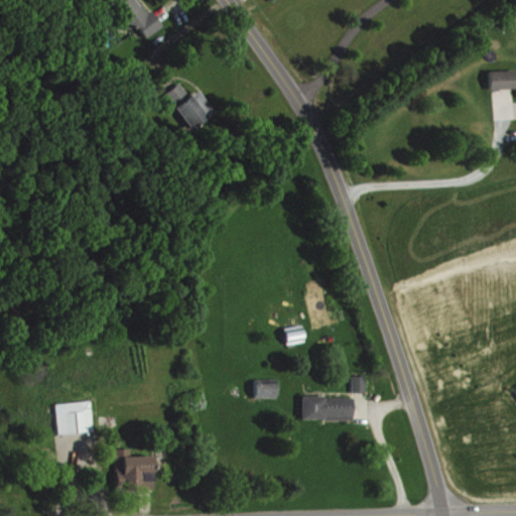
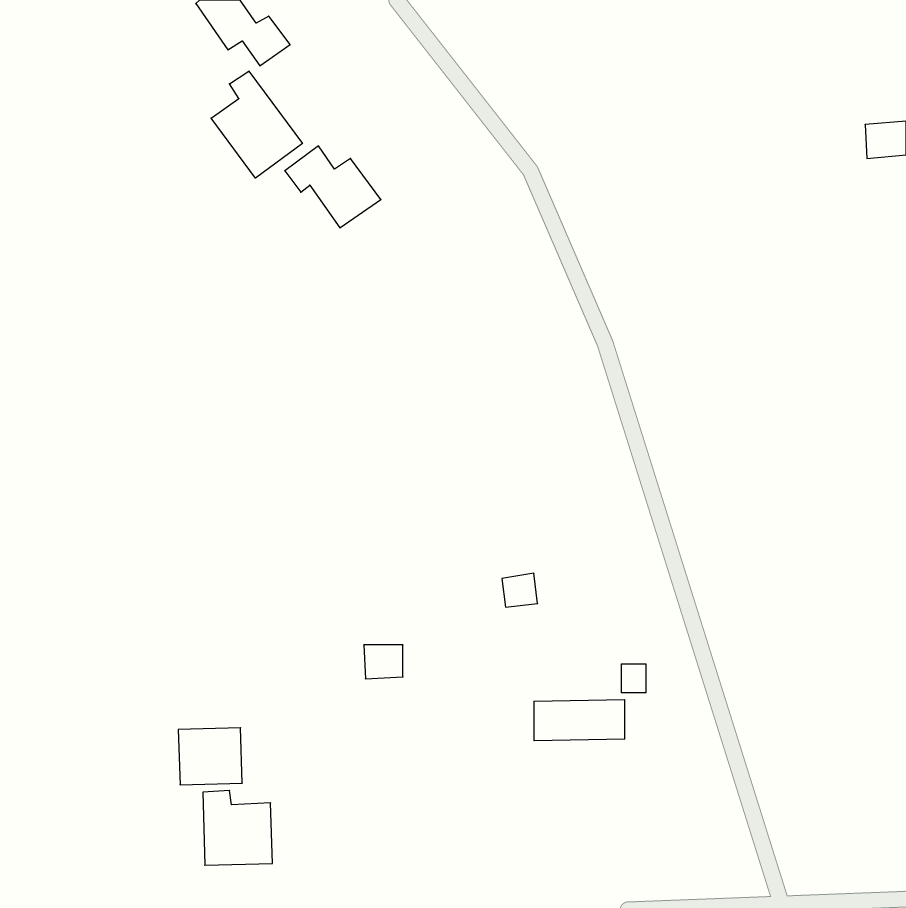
building: none -> [211,71,302,178]
building: [255,380,277,399] -> [364,645,403,679]
building: [56,402,93,434] -> [178,728,242,785]

